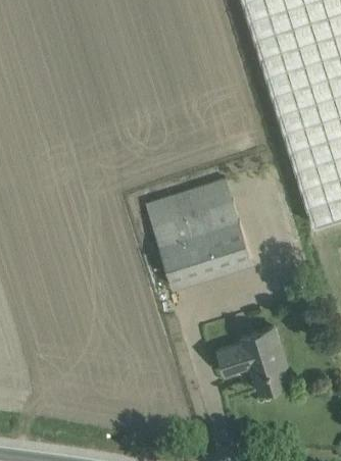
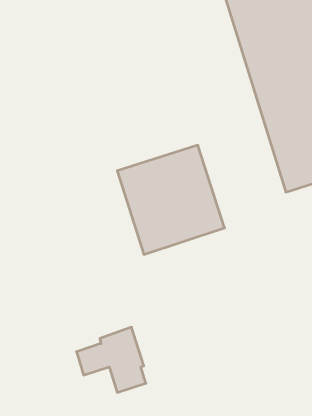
building: [217,327,287,393] -> [76,327,146,392]

